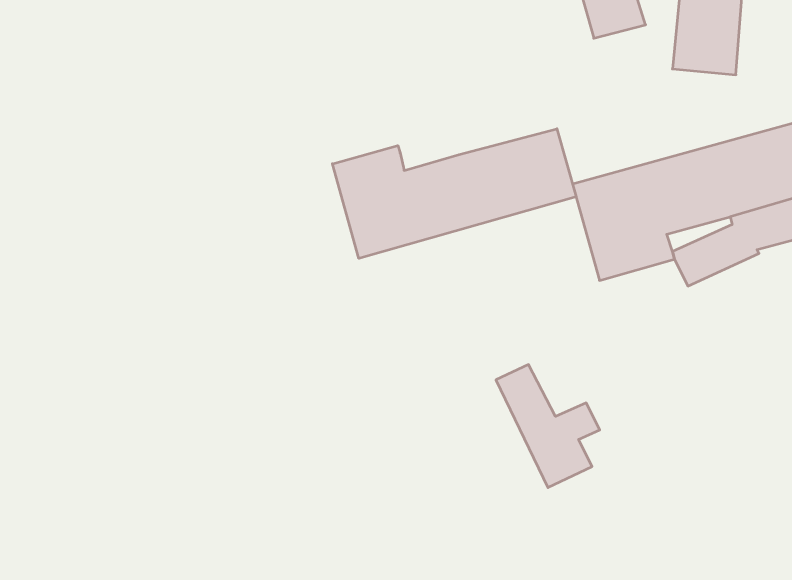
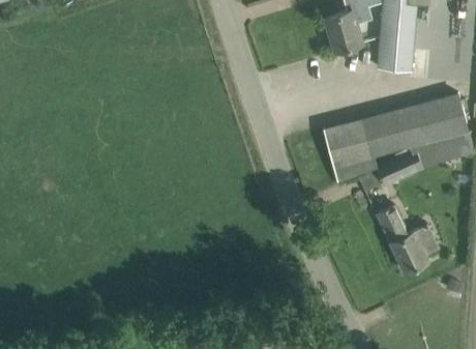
building: [332,129,576,258] -> none
building: [496,365,600,488] -> [377,206,433,272]

